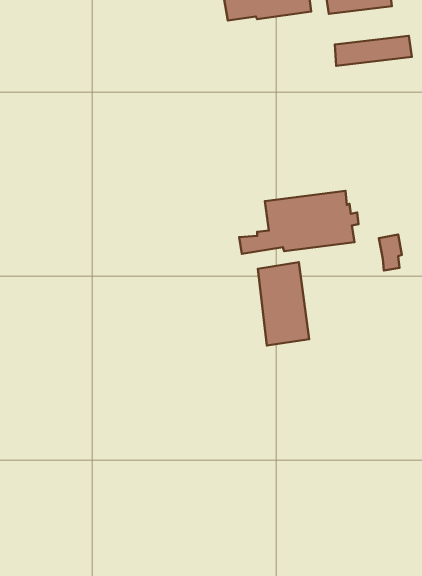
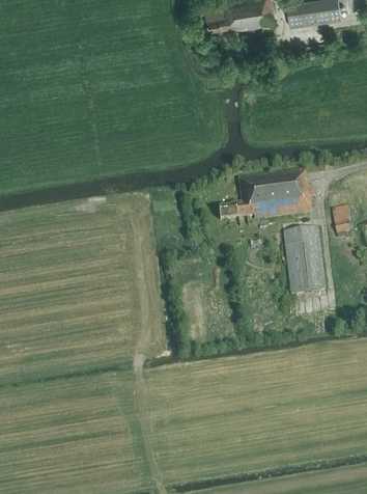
building: [335,36,412,66] -> none
building: [258,262,309,346] -> [283,225,324,293]

